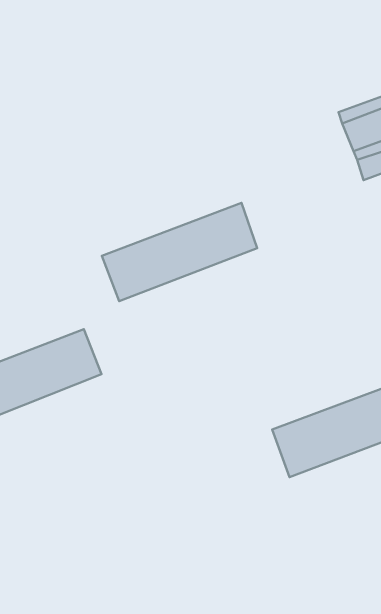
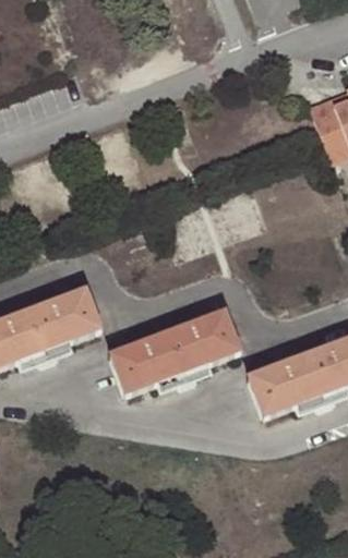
building: [102,203,257,301] -> none
building: none -> [109,310,238,393]

